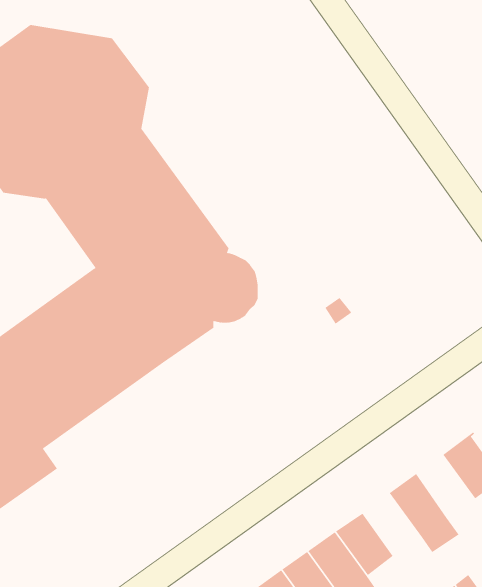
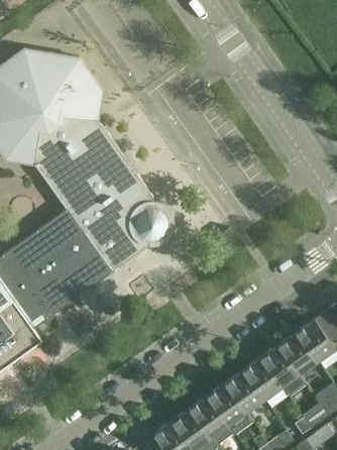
building: none -> [277,333,316,374]
building: none -> [242,358,280,400]

